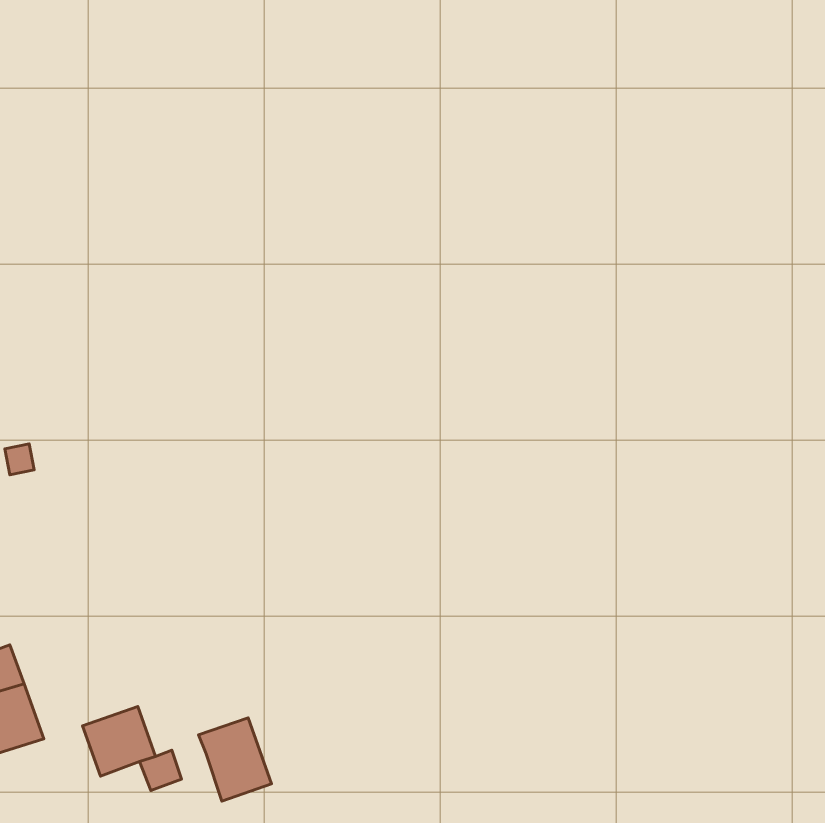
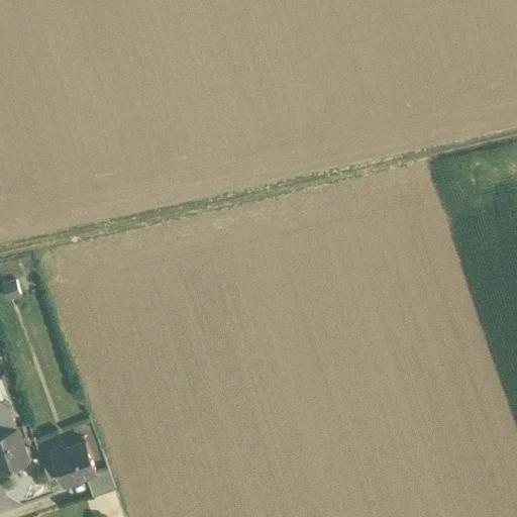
building: [199,718,271,801] -> none

